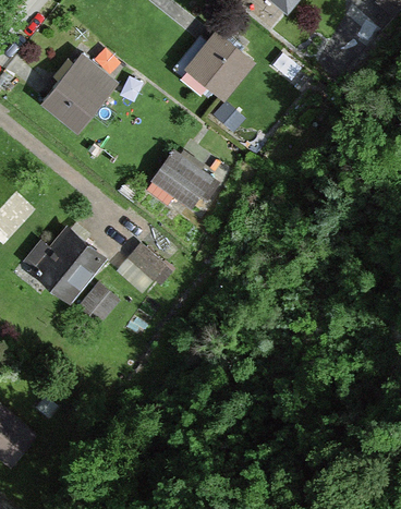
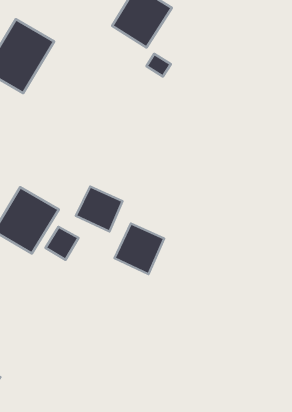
building: [146,148,216,209] -> none
building: none -> [114,224,164,274]

